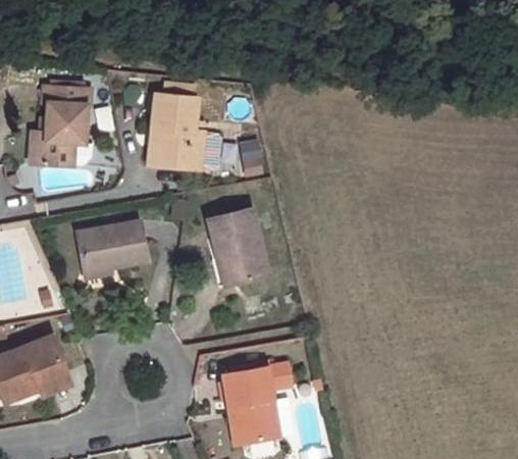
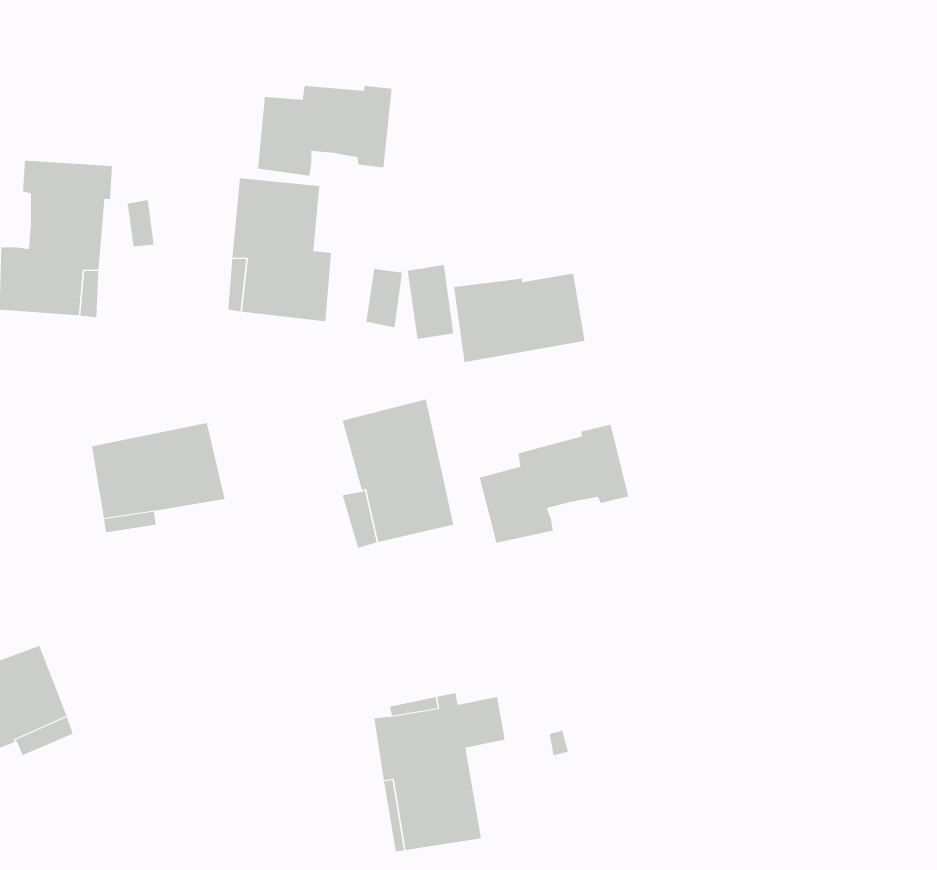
building: none -> [257,85,392,176]
building: none -> [453,273,585,363]
building: none -> [479,424,629,543]

